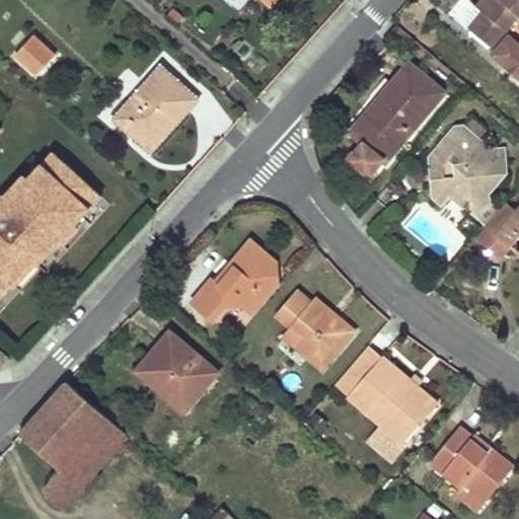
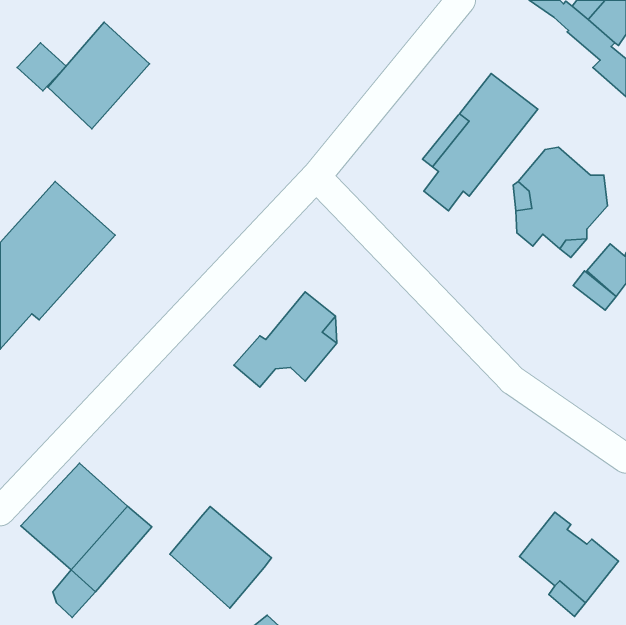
building: [114,66,198,154] -> [48,22,150,129]
building: [279,289,355,366] -> none
building: [136,330,220,415] -> [170,506,272,608]
building: [335,344,438,457] -> none

